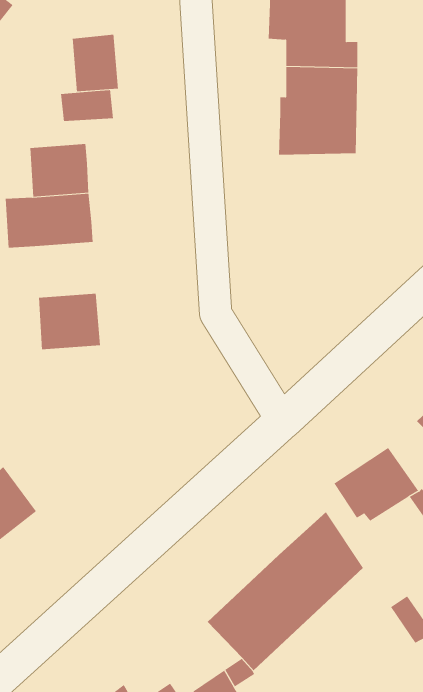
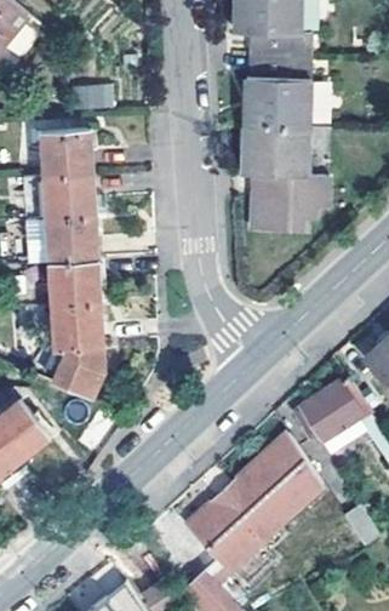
building: [72,34,119,92] -> none
building: none -> [247,137,332,242]
building: none -> [25,211,97,258]
building: none -> [51,297,104,393]

